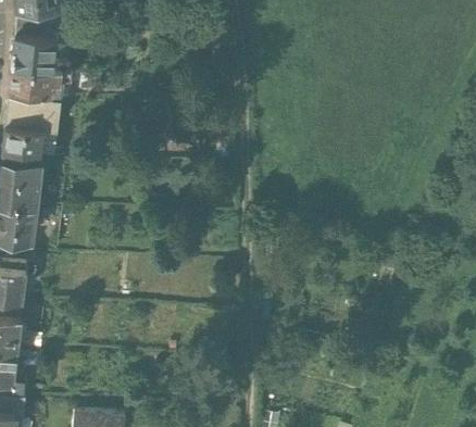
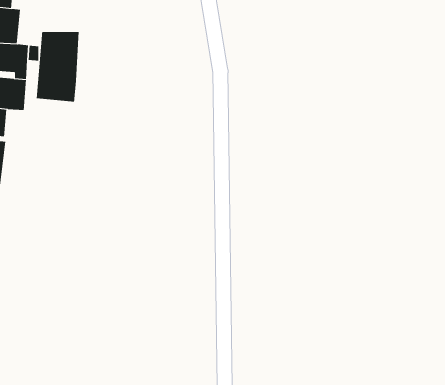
building: none -> [36,31,79,102]

